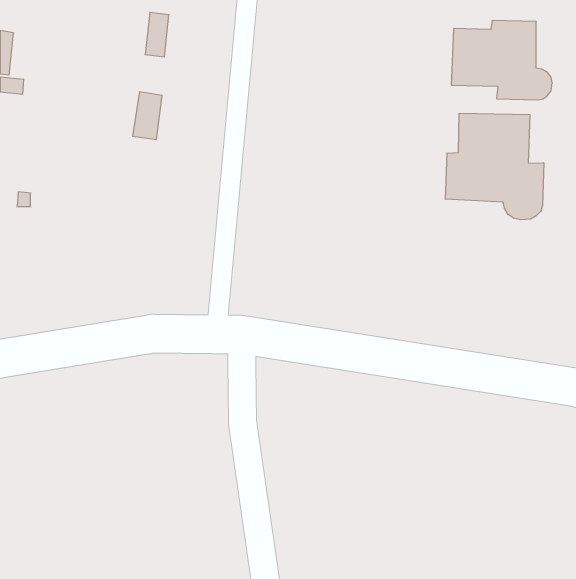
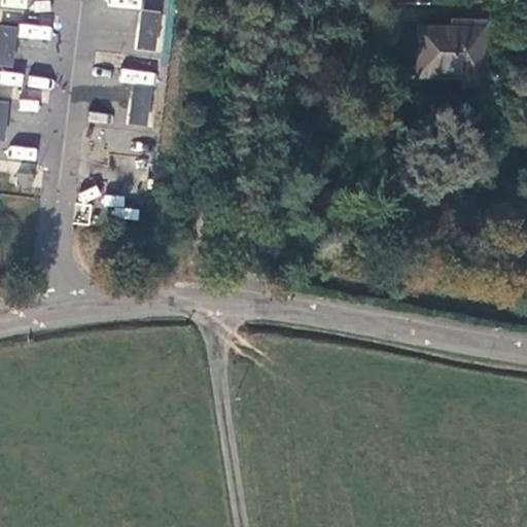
building: [446,113,544,220] -> none

